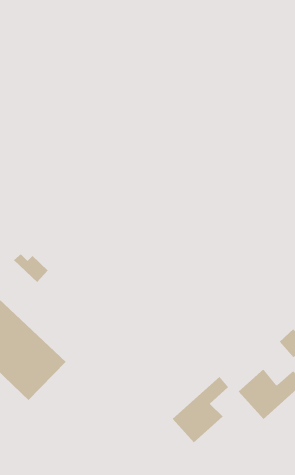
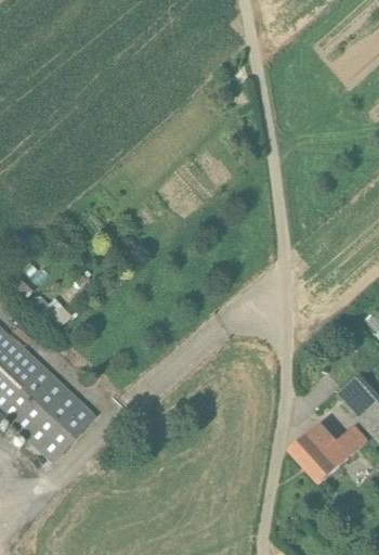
building: [172,376,229,443] -> none

